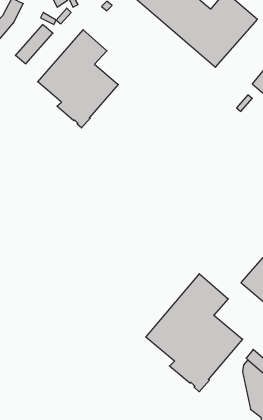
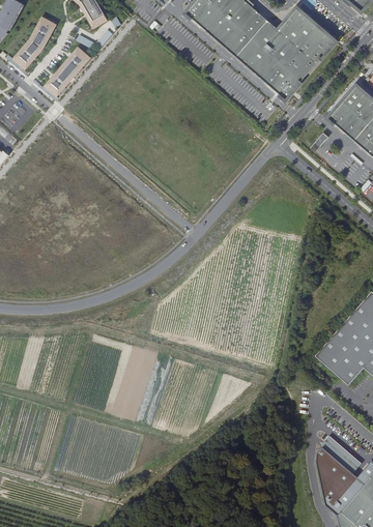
building: [38,30,118,128] -> none
building: [146,274,243,392] -> none

